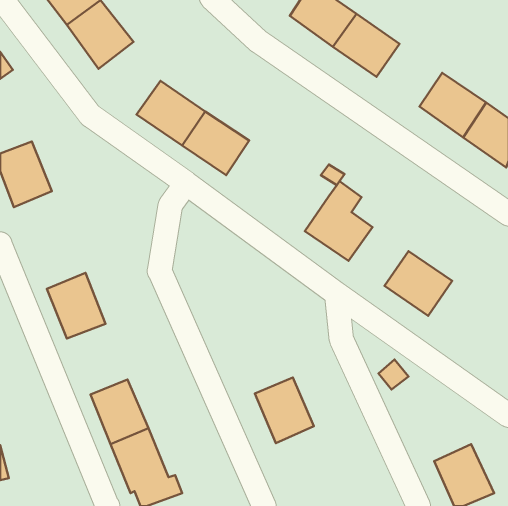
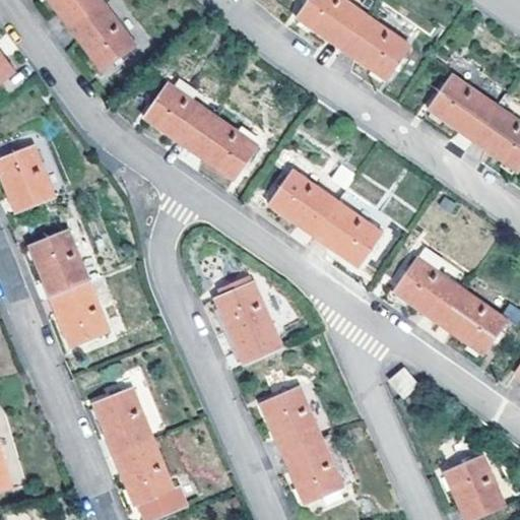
building: none -> [267,170,336,236]
building: none -> [29,229,88,295]
building: none -> [215,274,282,362]
building: none -> [438,286,507,352]
building: none -> [282,435,343,502]

